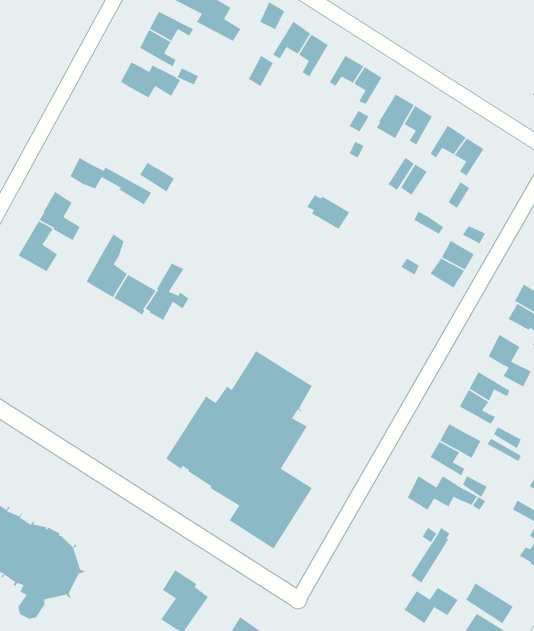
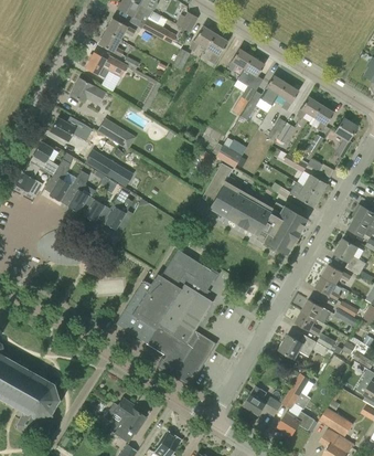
building: none -> [70,78,104,104]
building: none -> [333,118,356,158]
building: none -> [84,149,122,181]
building: none -> [49,159,72,203]
building: none -> [201,163,307,254]
building: none -> [244,385,282,416]

